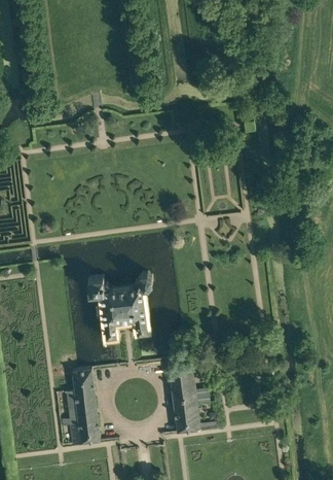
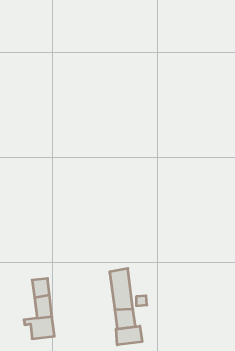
building: [88,273,153,336] -> none
building: none -> [116,326,142,345]

